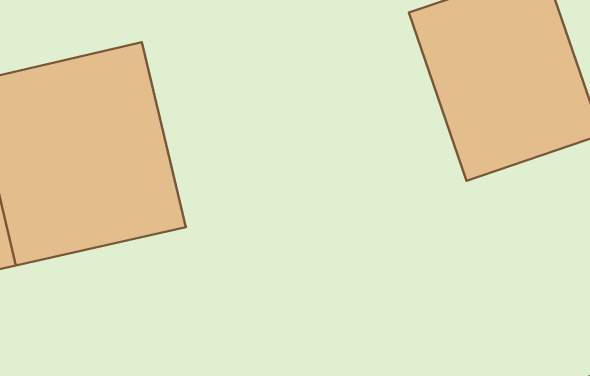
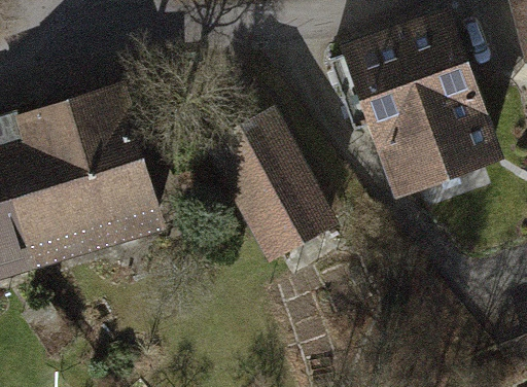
building: none -> [209,107,339,256]

